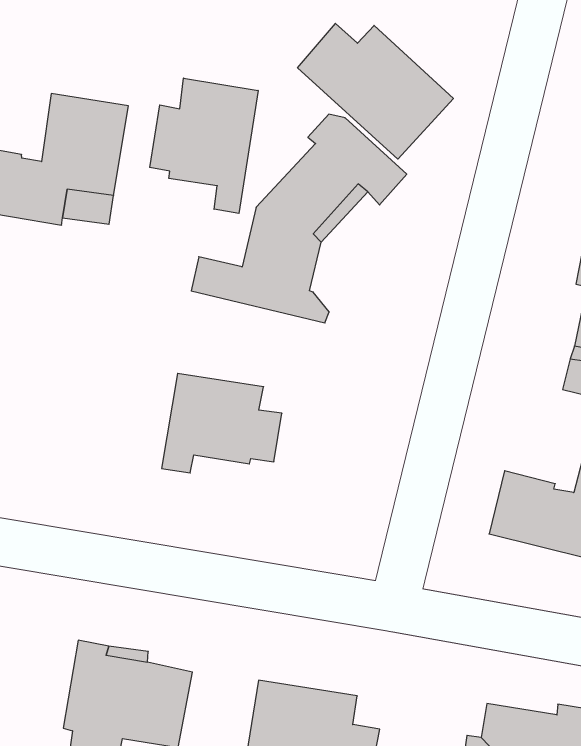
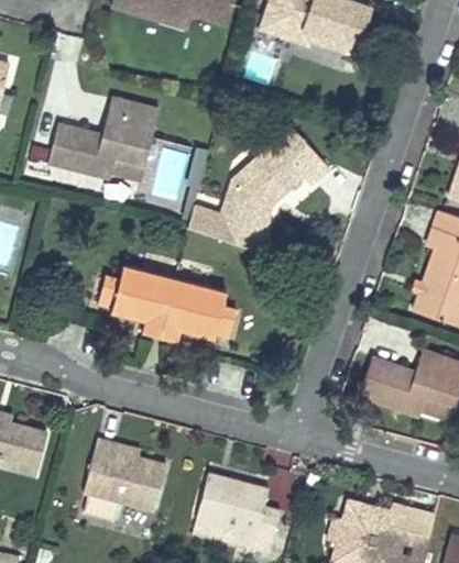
building: [298,23,453,159] -> none
building: [150,78,258,213] -> none
building: none -> [97,264,174,335]

